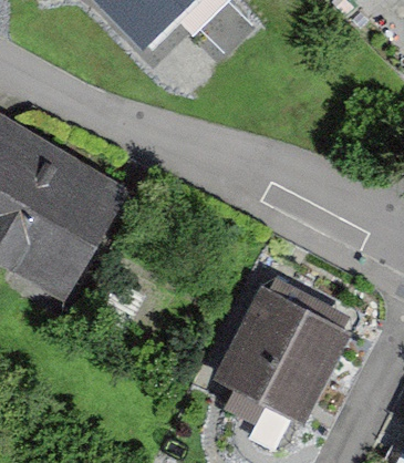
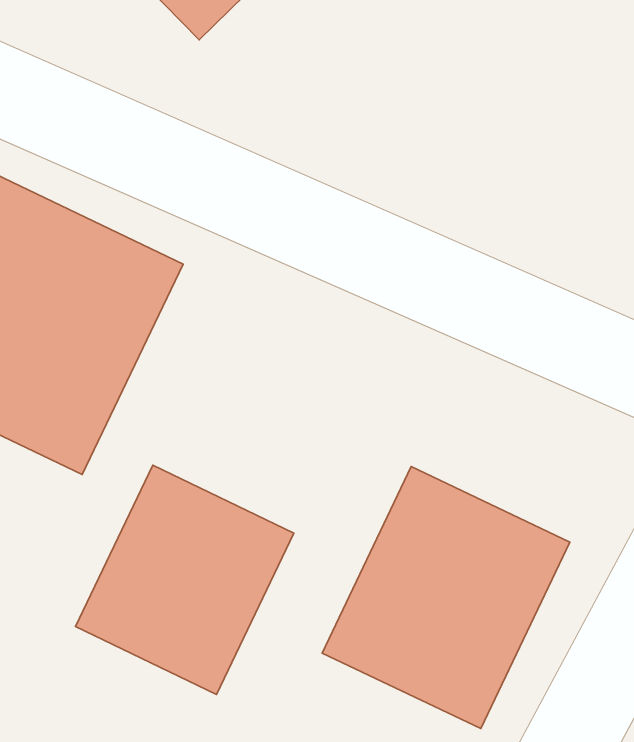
building: none -> [75,465,294,695]

